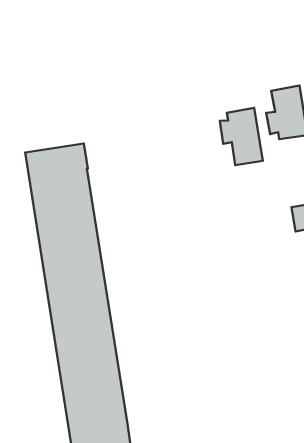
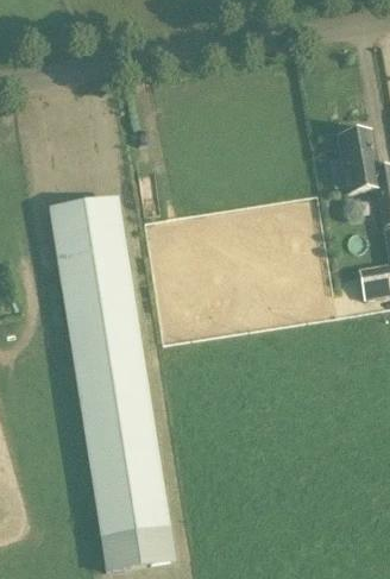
building: [220,108,263,165] -> none

